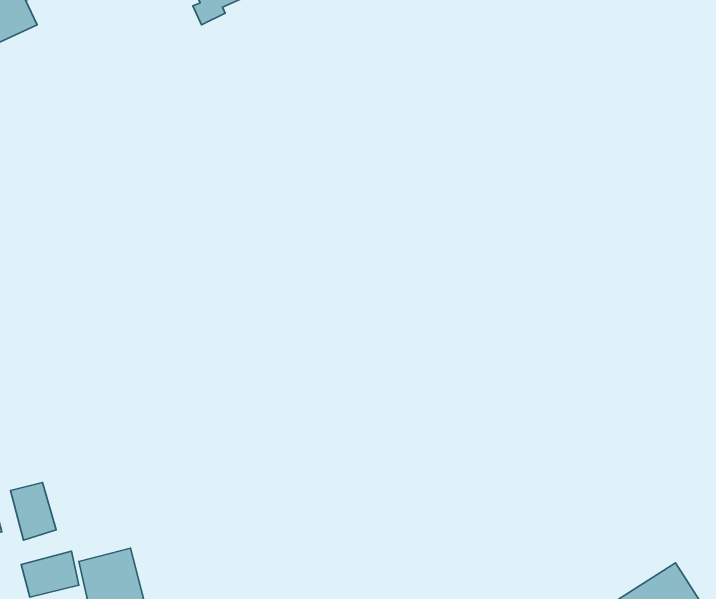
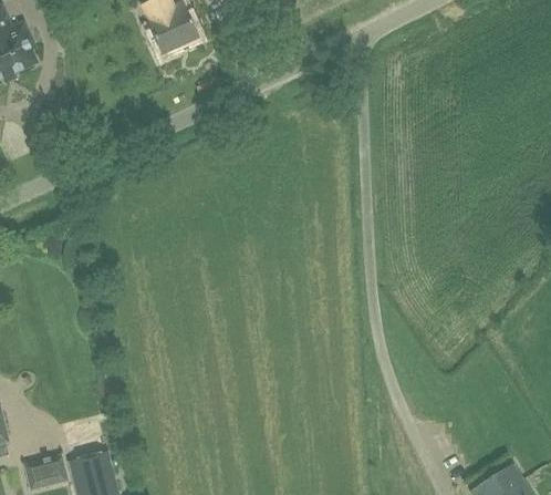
building: [10,482,56,540] -> none

